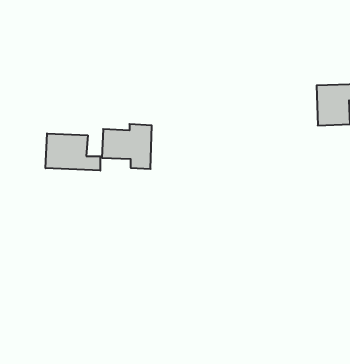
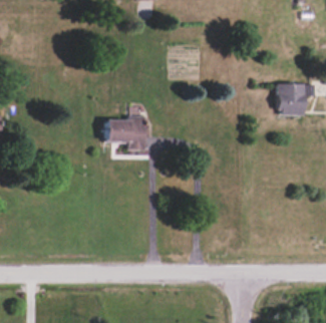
building: [46,133,100,171] -> none

